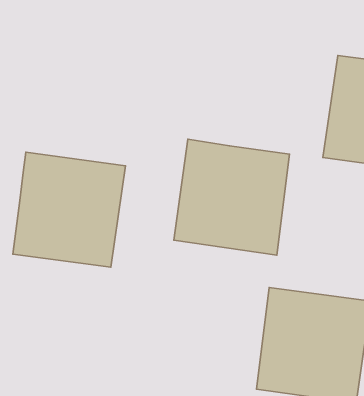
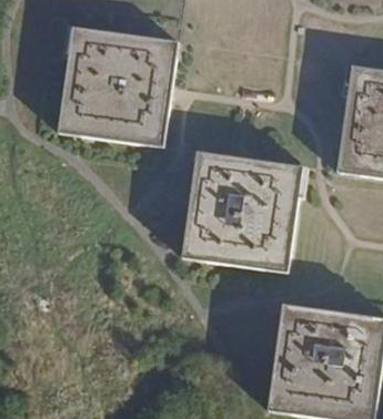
building: none -> [58,28,179,147]
building: [13,152,126,267] -> none

